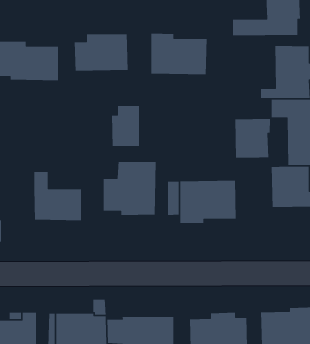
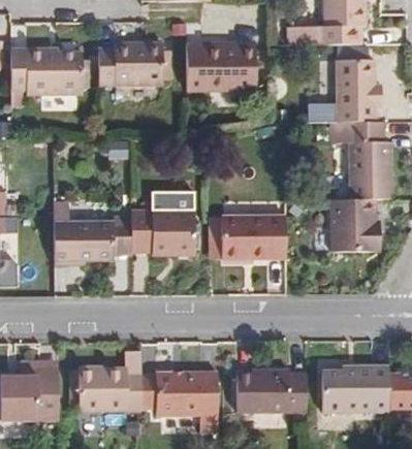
building: [111,105,140,147] -> none
building: [235,118,271,159] -> none
building: none -> [108,217,134,254]

